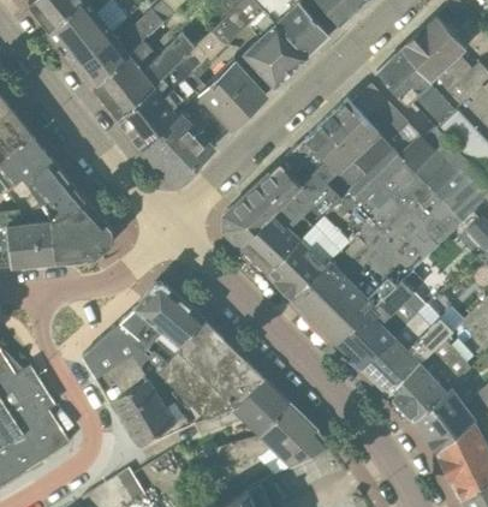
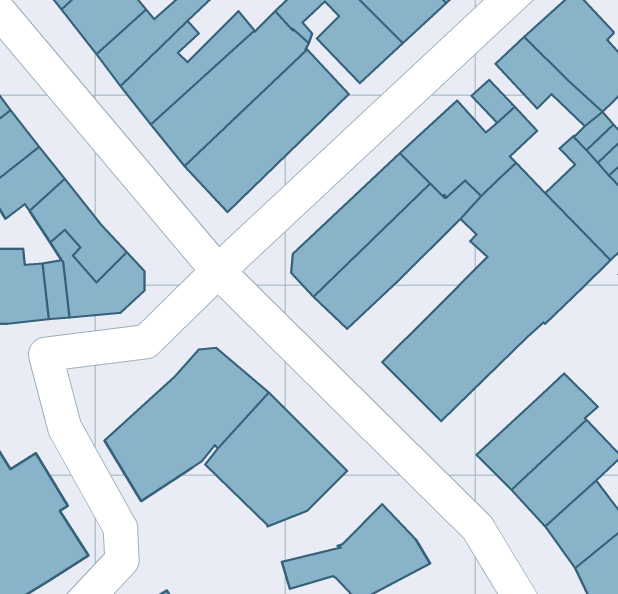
building: [387,121,436,169] -> none
building: [264,189,370,297] -> none
building: [335,267,425,366] -> none
building: [109,376,175,446] -> none
building: [195,378,291,436] -> none

